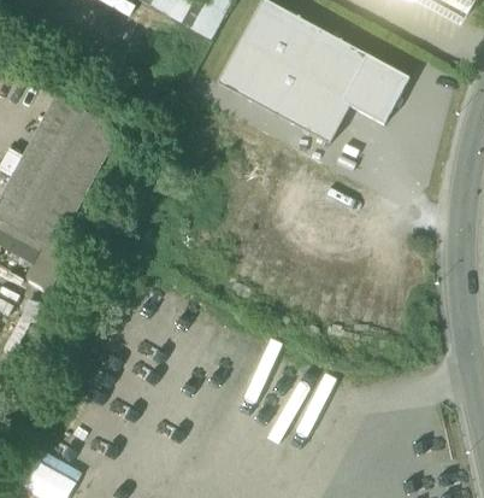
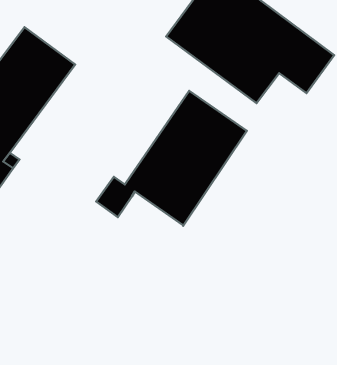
building: none -> [96,91,247,226]

